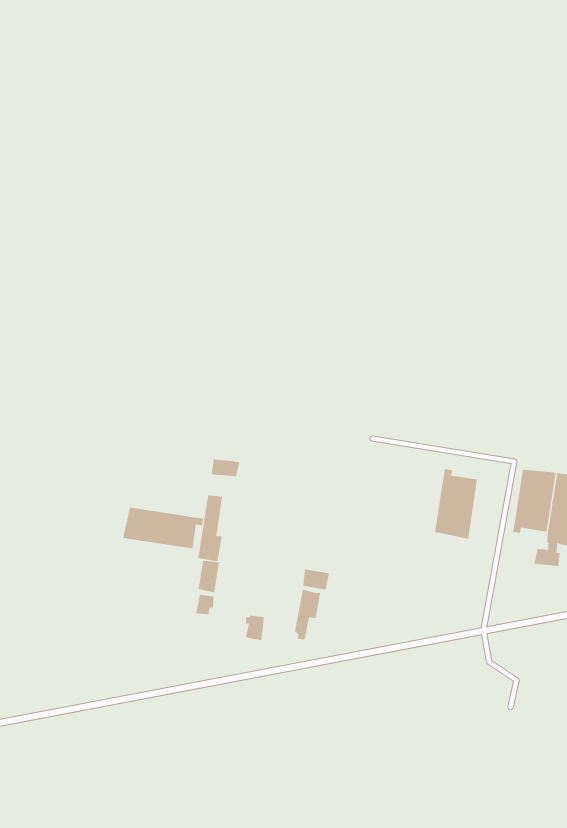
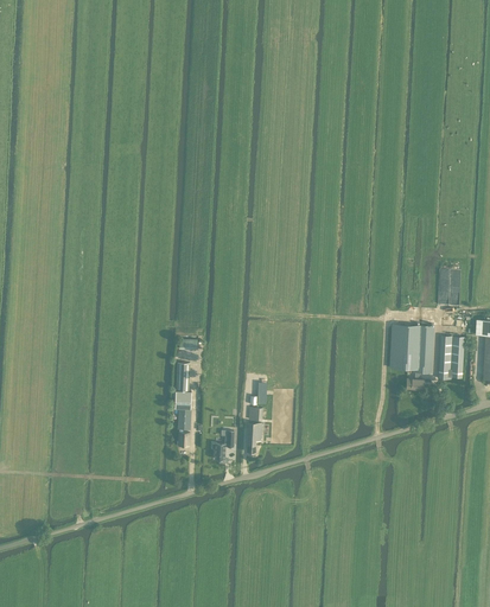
building: [434,468,478,540] -> none
building: [123,507,204,549] -> none

